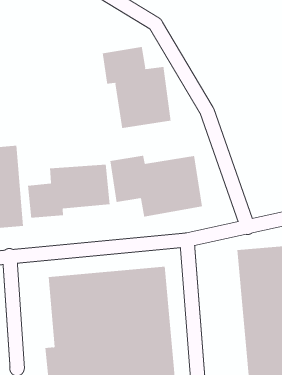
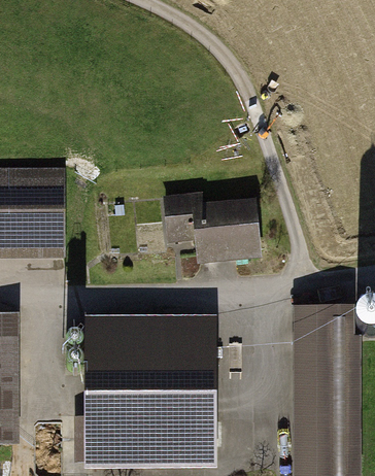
building: [102,46,171,129] -> none
building: [27,164,110,219] -> none

